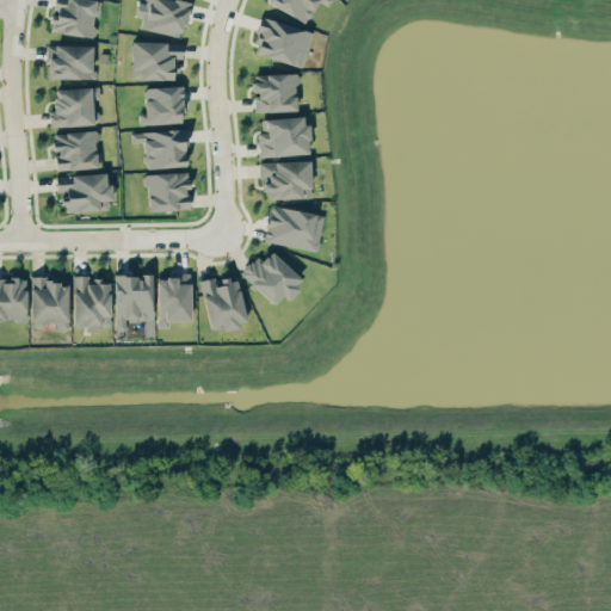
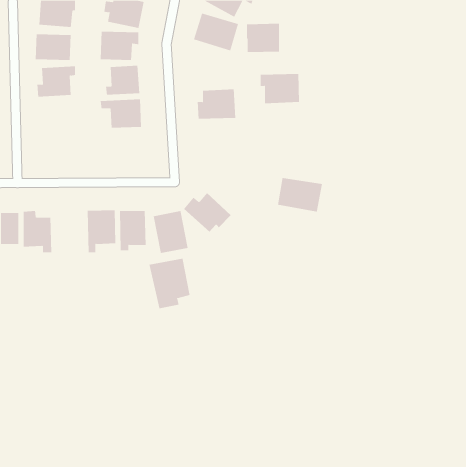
building: [254,74,298,112] -> [246,23,280,53]
building: [54,131,104,171] -> none
building: [260,161,313,200] -> [260,74,300,104]
building: [61,173,113,214] -> none
building: [147,173,190,211] -> none
building: [266,206,326,252] -> [277,177,323,212]
building: [74,277,112,333] -> none
building: none -> [149,258,190,309]

